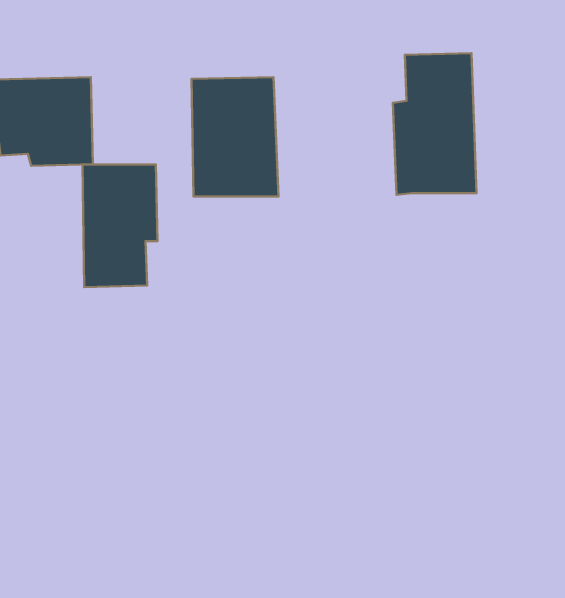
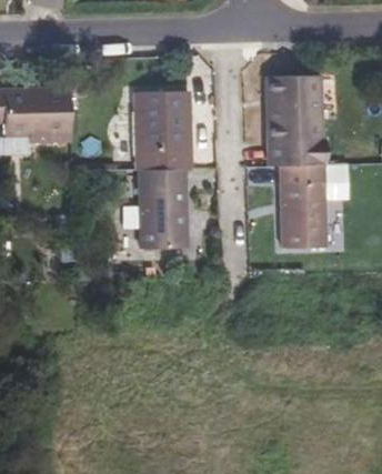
building: [82,164,157,287] -> [134,168,183,248]
building: none -> [277,165,321,248]

